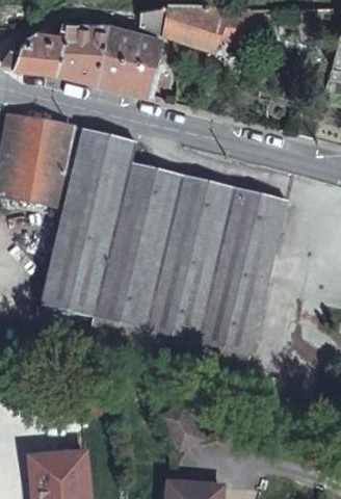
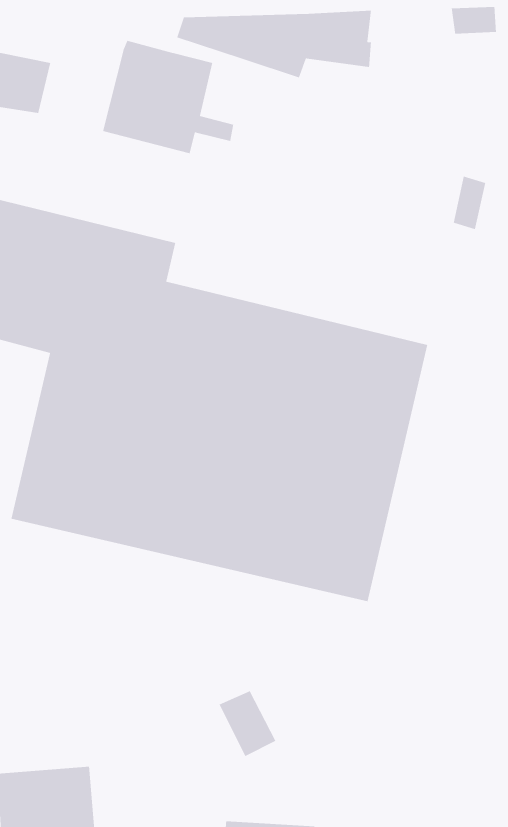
building: [56,23,106,79] -> none

